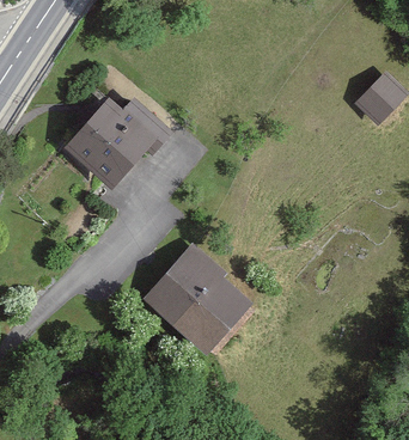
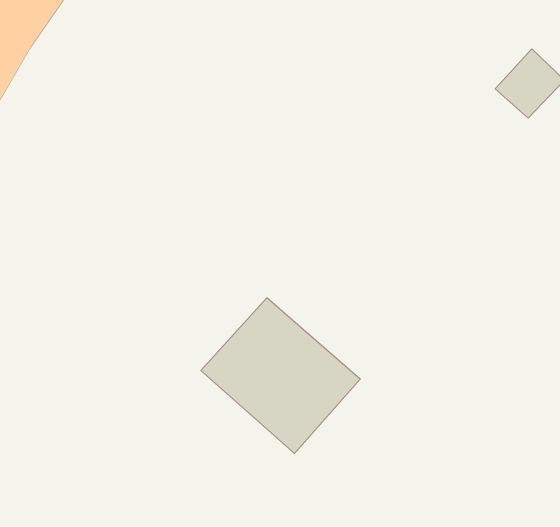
building: [62,99,159,187] -> none

